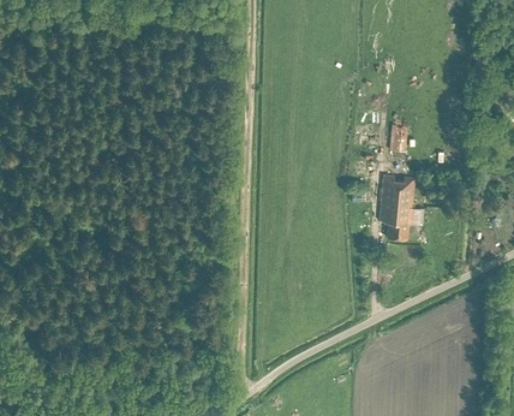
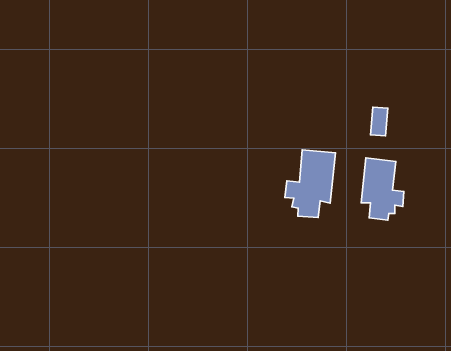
building: none -> [285,150,335,218]

